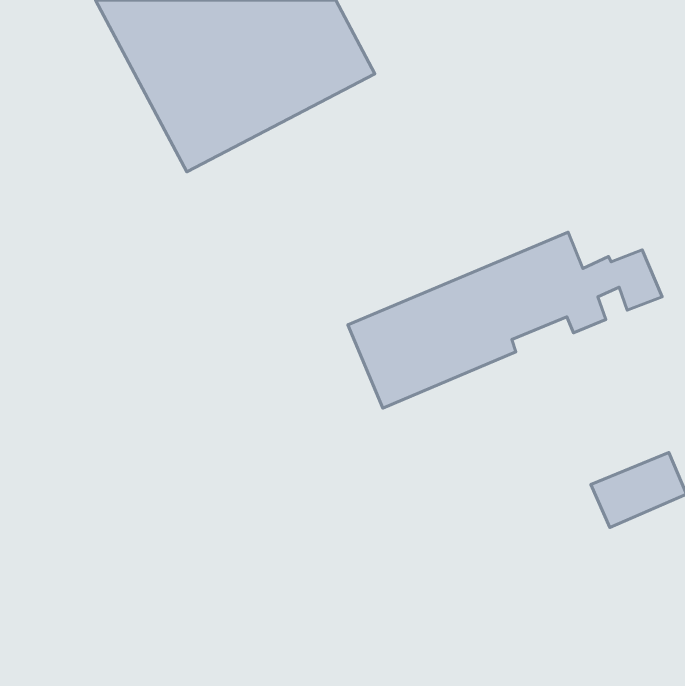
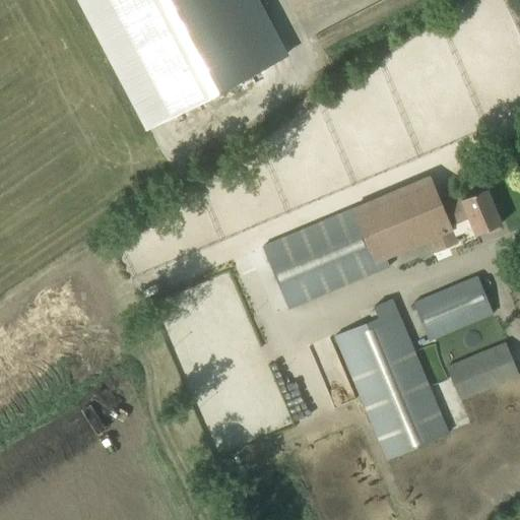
building: none -> [413,274,494,341]
building: none -> [335,298,450,458]

